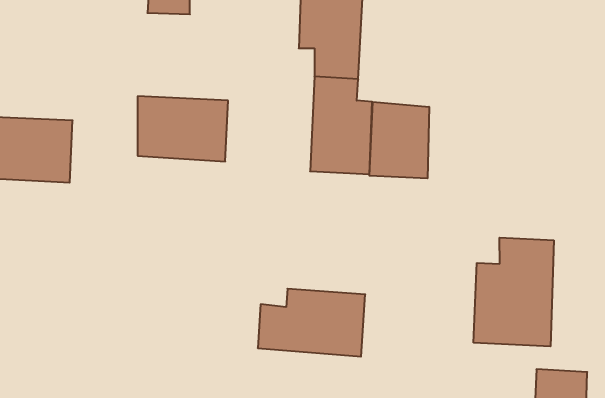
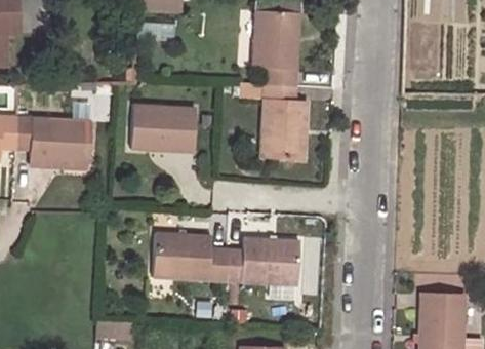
building: [369,102,429,178] -> none
building: [474,238,554,346] -> none
building: none -> [153,232,226,282]

